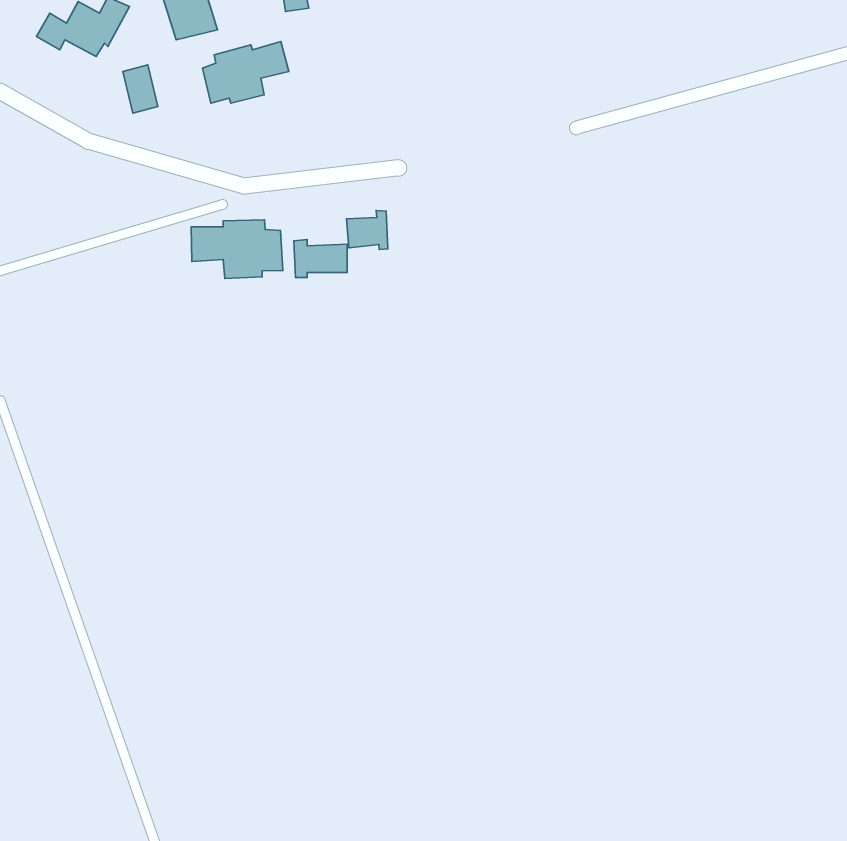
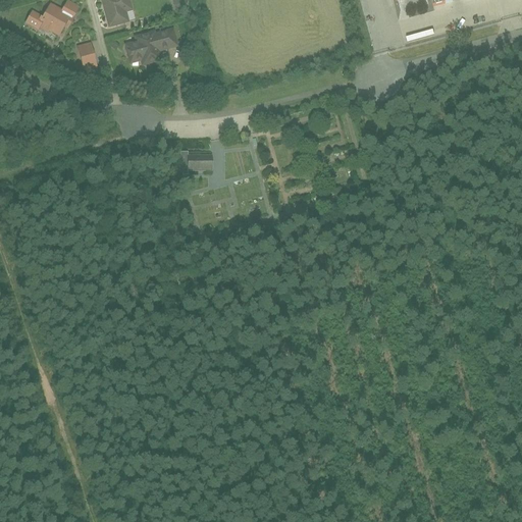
building: [347,211,388,250] -> none
building: [191,220,283,278] -> none

